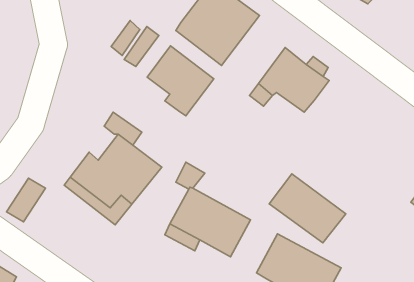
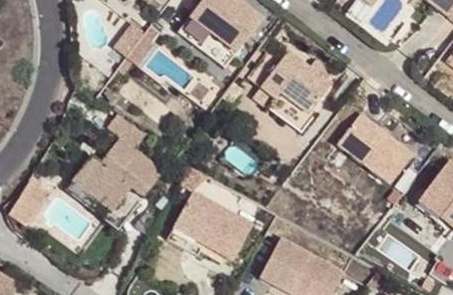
building: [147,46,214,116] -> none
building: [269,174,346,243] -> [337,113,414,183]

